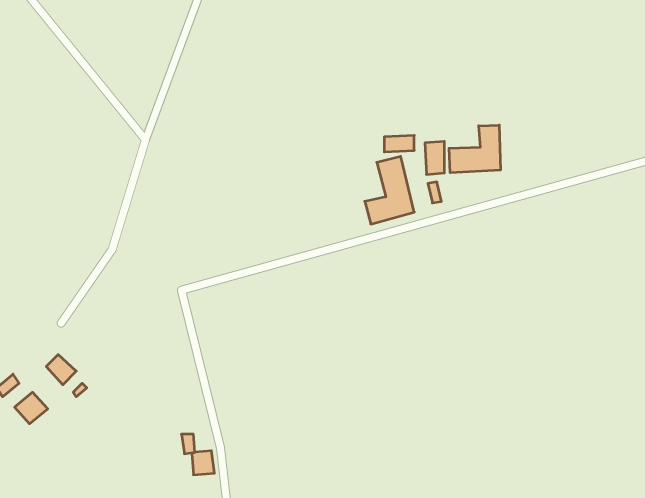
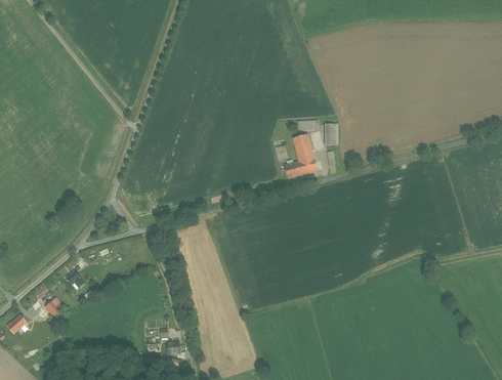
building: [449,125,500,173] -> none

